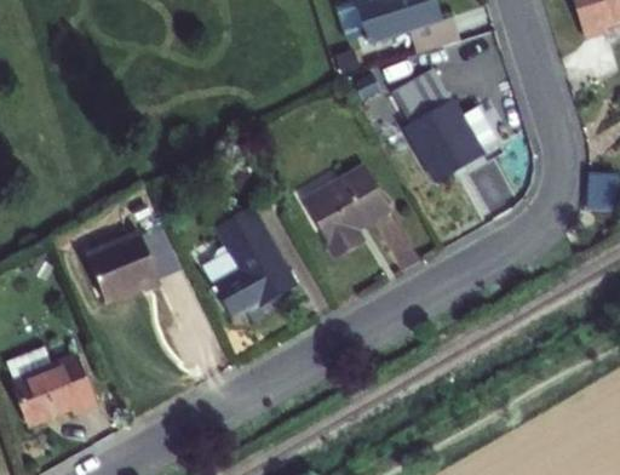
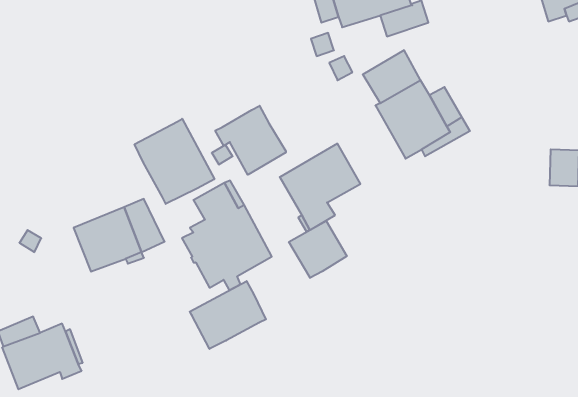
building: none -> [215,106,286,175]
building: none -> [135,119,214,204]
building: none -> [289,221,347,278]
building: none -> [190,281,266,349]

